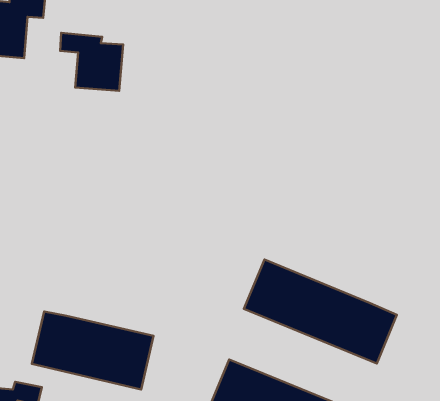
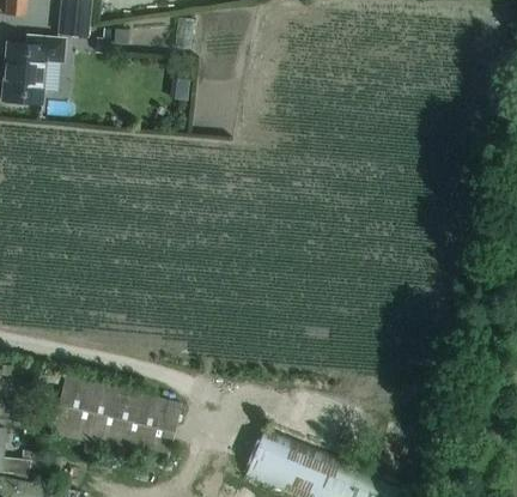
building: [60,33,123,91] -> none
building: [244,260,397,363] -> none

